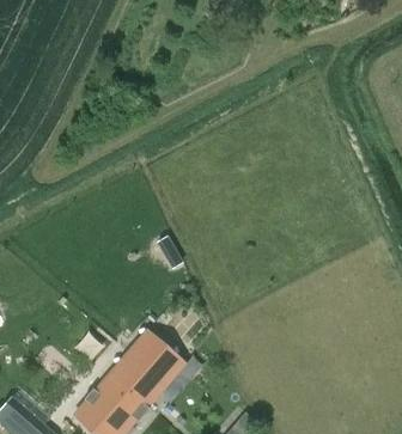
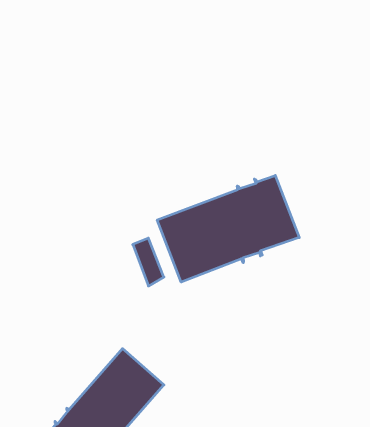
building: none -> [157,175,299,282]

